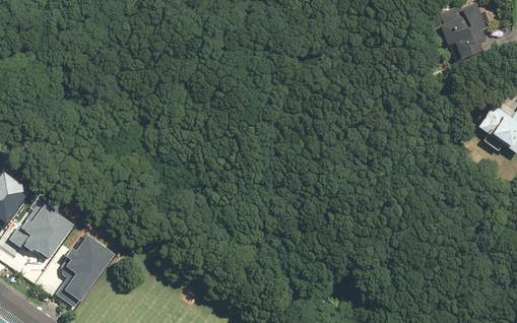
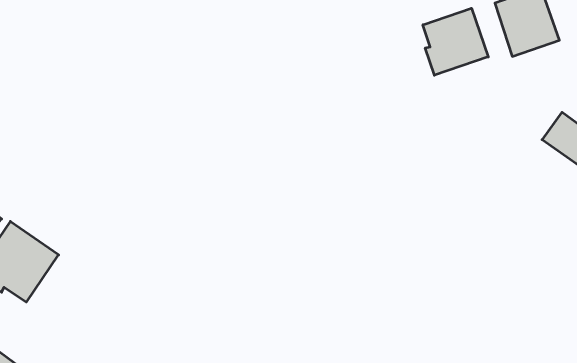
building: none -> [423,8,488,75]
building: [58,235,115,306] -> none

